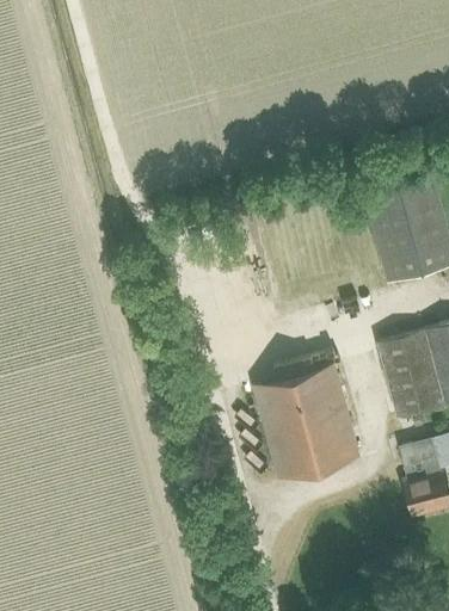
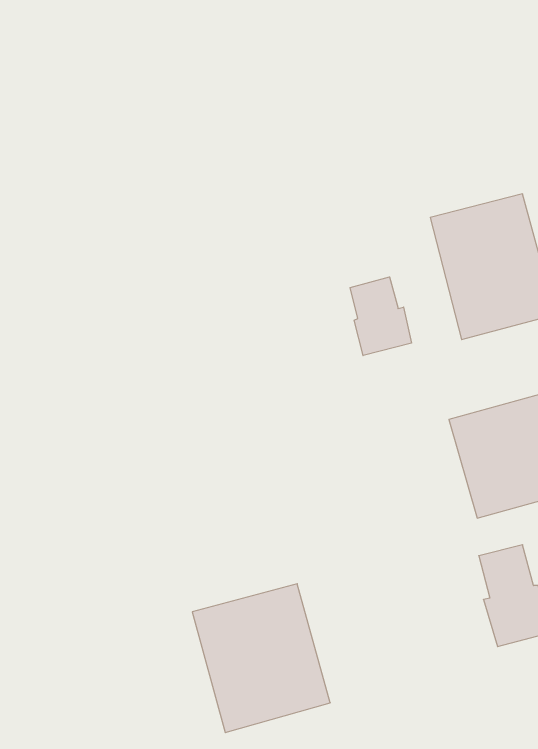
building: none -> [350,277,411,356]
building: [254,366,359,480] -> [192,584,330,733]

